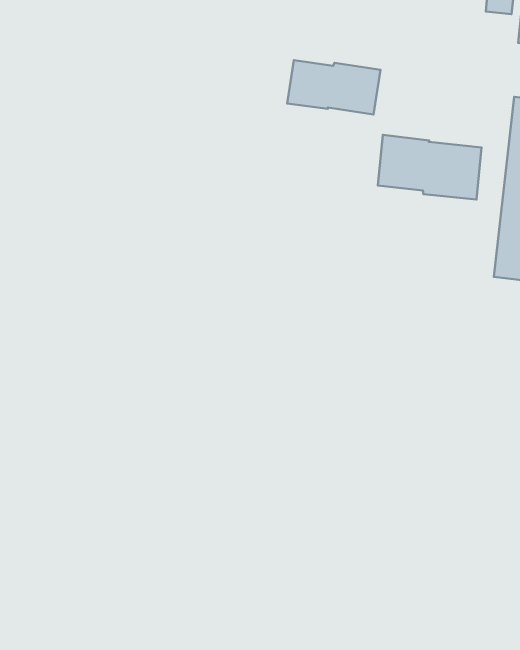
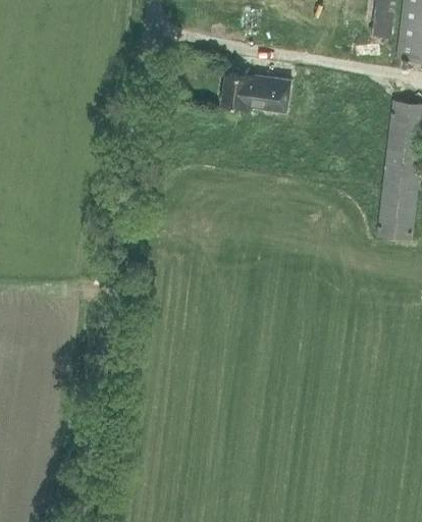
building: [378,135,482,200] -> none

